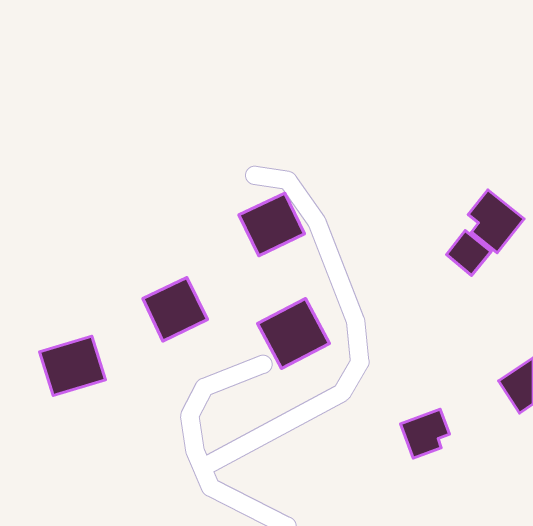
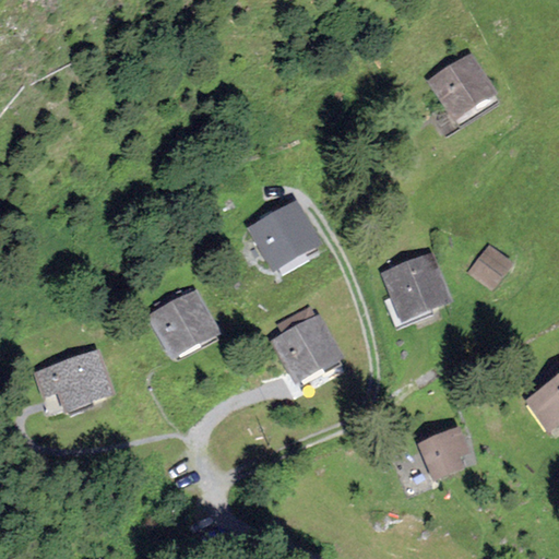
building: none -> [421,55,492,122]
building: [468,190,524,253] -> none
building: none -> [381,251,450,319]

